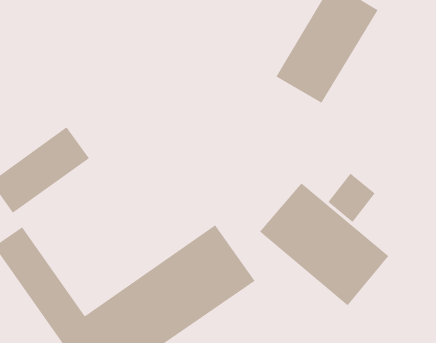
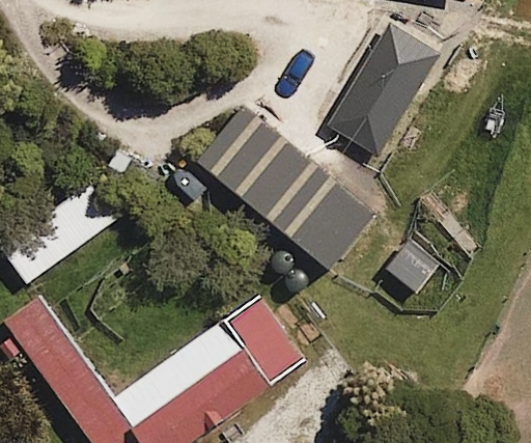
building: none -> [196,102,376,271]
building: [259,183,389,306] -> none

